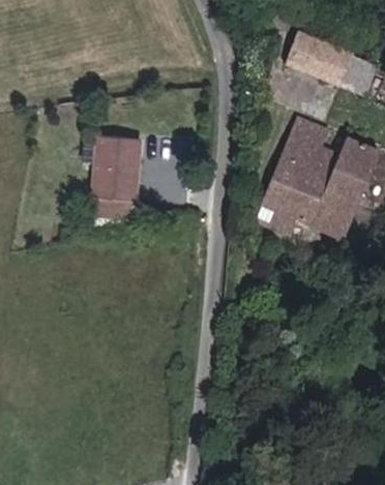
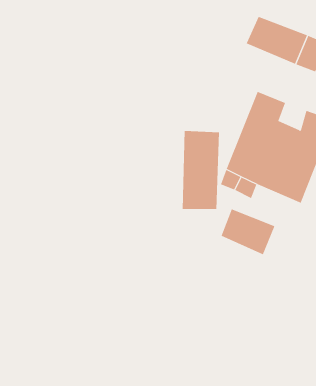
building: [95,142,137,228] -> [182,130,220,209]
building: none -> [221,208,275,255]

